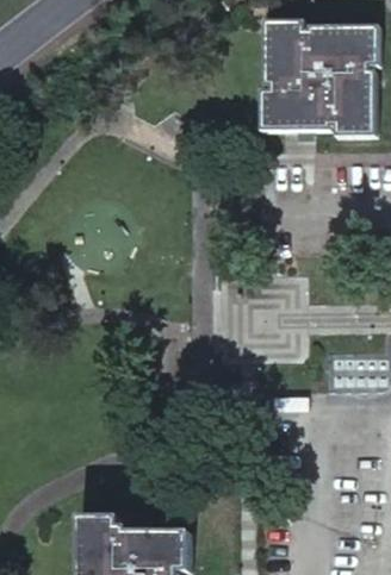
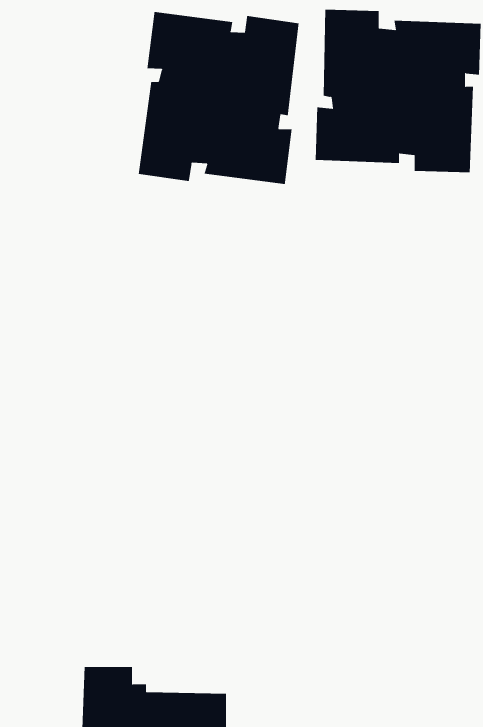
building: none -> [138,11,299,185]

